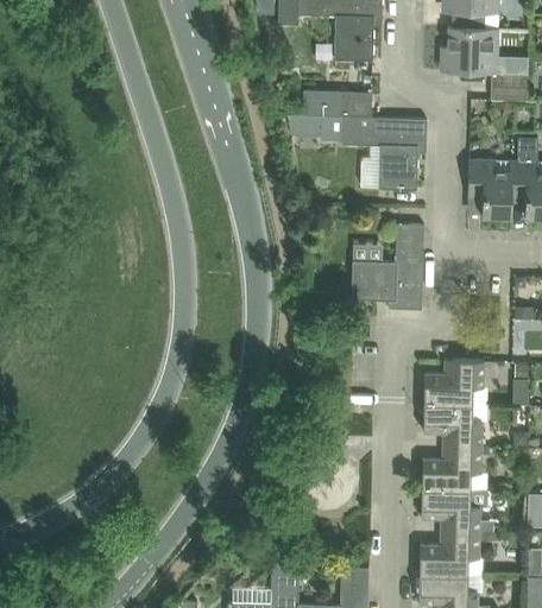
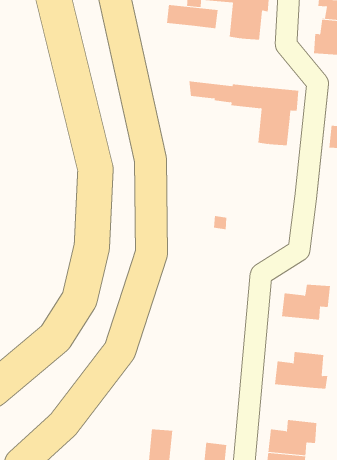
building: [307,91,371,118] -> [166,4,218,29]
building: [352,223,424,309] -> none
building: [423,403,483,446] -> none
building: [421,488,480,532] -> none

